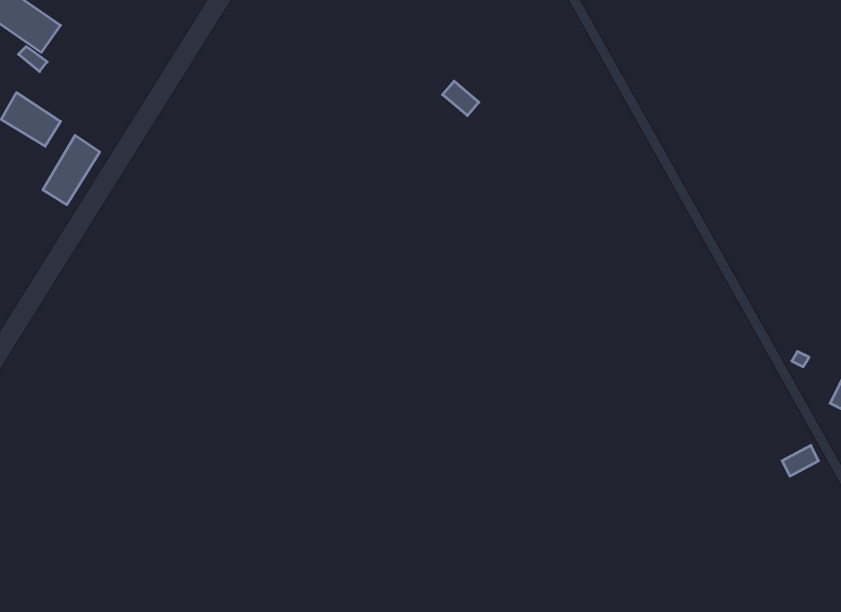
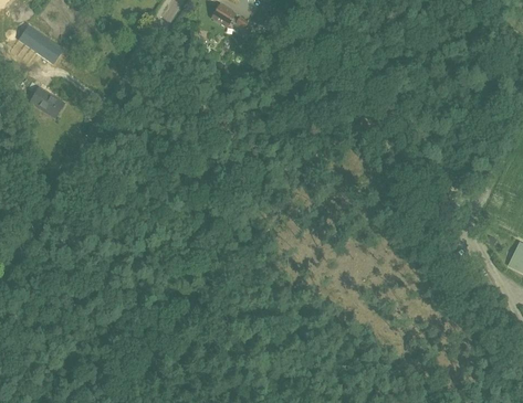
building: [43,135,100,205] -> none

